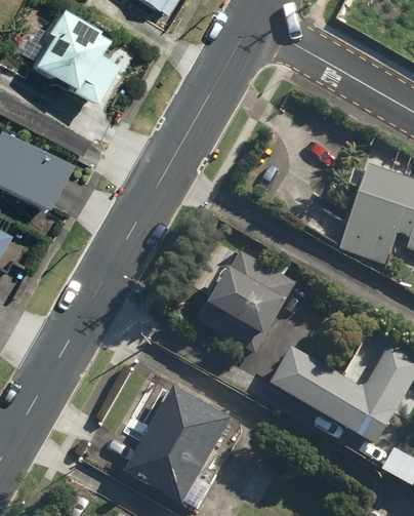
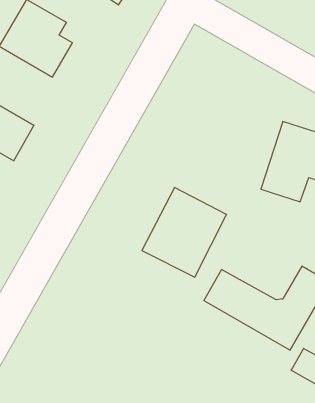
building: [124,384,233,503] -> none

